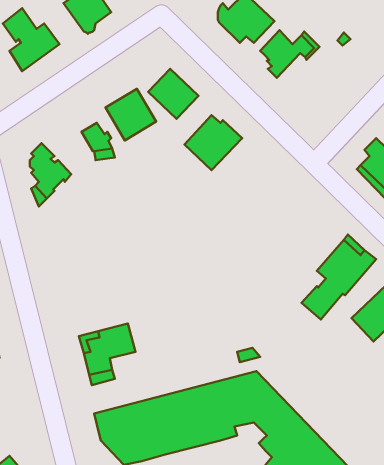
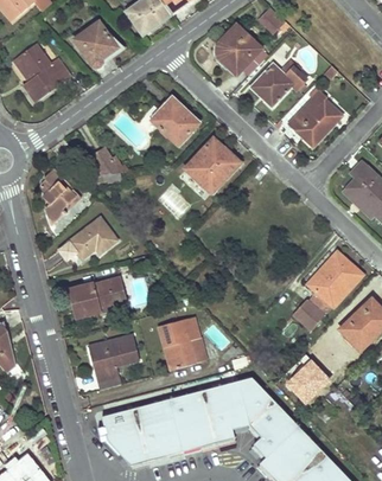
building: none -> [289,91,340,141]
building: [105,89,156,140] -> none
building: none -> [59,218,116,259]
building: none -> [68,277,126,318]
building: none -> [158,316,204,368]
building: none -> [284,353,330,403]

